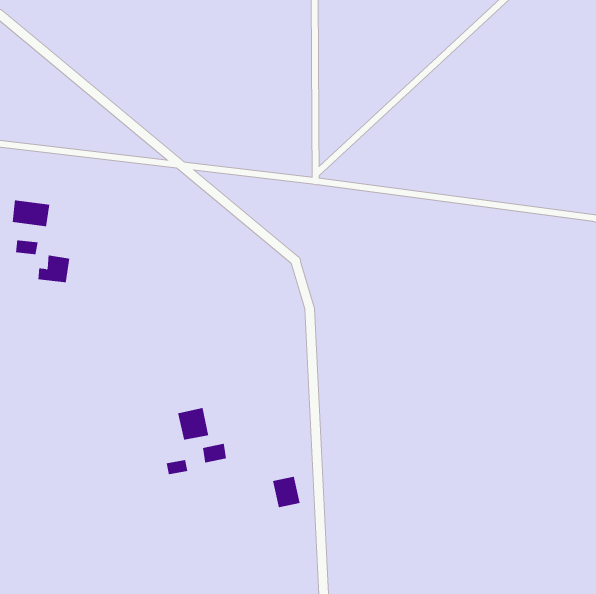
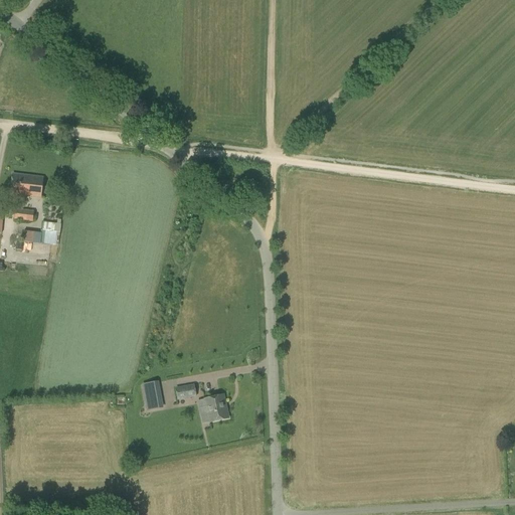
building: [178,407,209,441] -> none
building: [272,476,300,508] -> [203,393,227,420]

